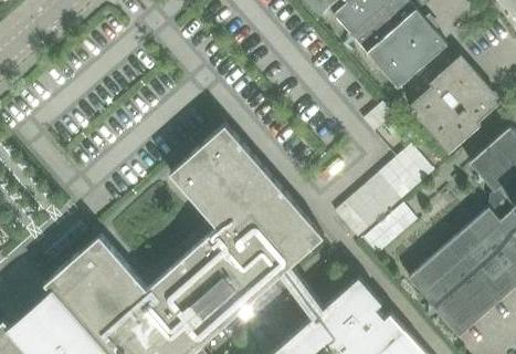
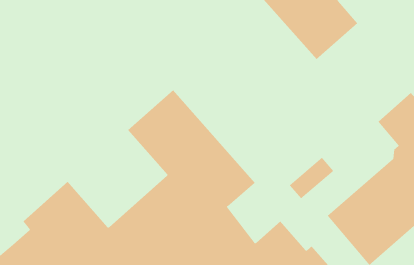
building: [411,61,499,158] -> none
building: [335,147,435,240] -> none

